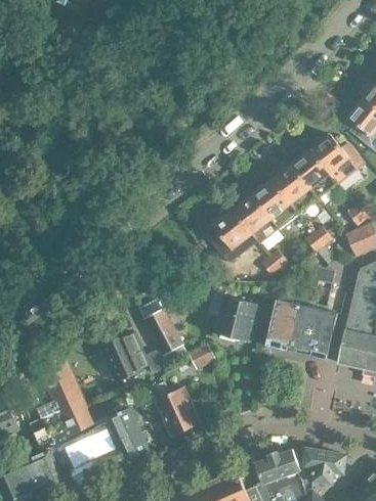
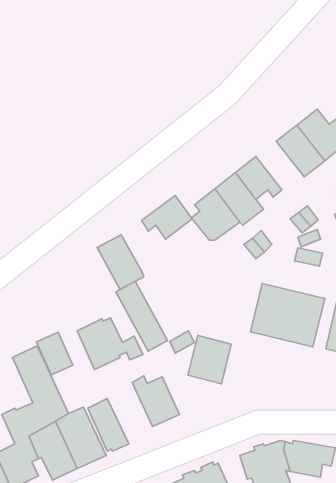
building: [270,165,317,214] -> none
building: none -> [142,196,192,239]
building: none -> [97,235,144,289]
building: [215,295,256,341] -> [188,335,231,384]
building: none -> [37,332,73,375]

